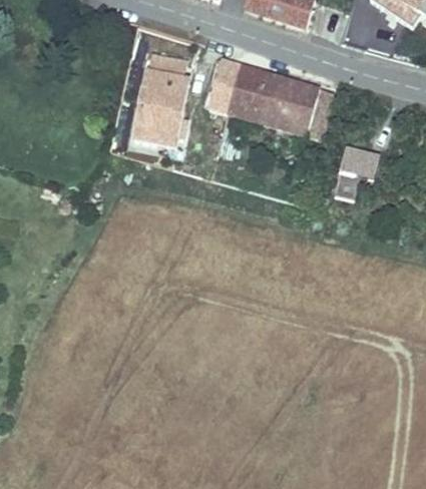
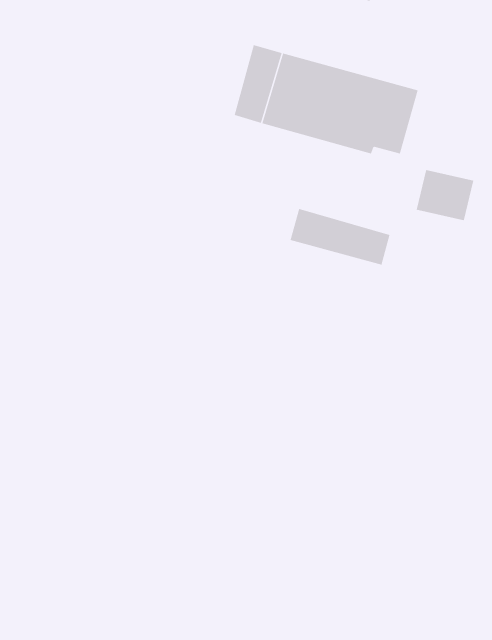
building: [132,49,189,150] -> none
building: none -> [290,208,390,266]

